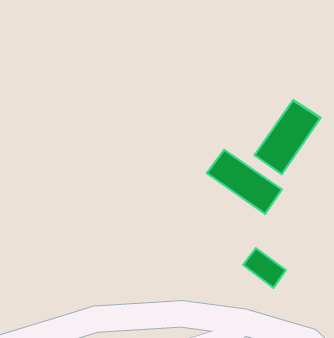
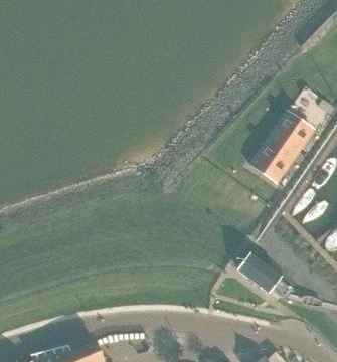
building: [207,150,282,214] -> none

